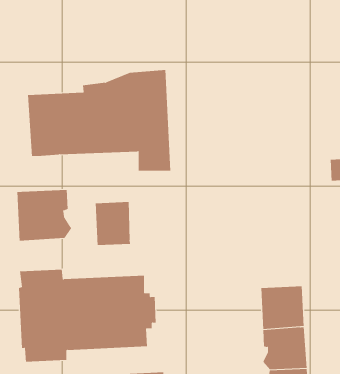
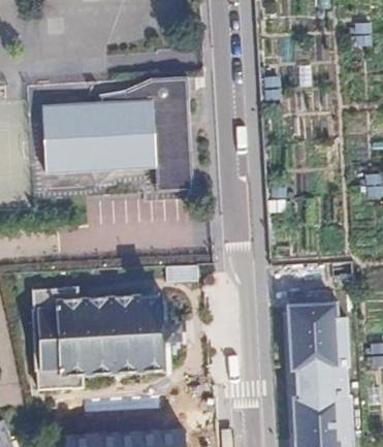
building: [17,189,72,242] -> none
building: [95,201,130,246] -> none

